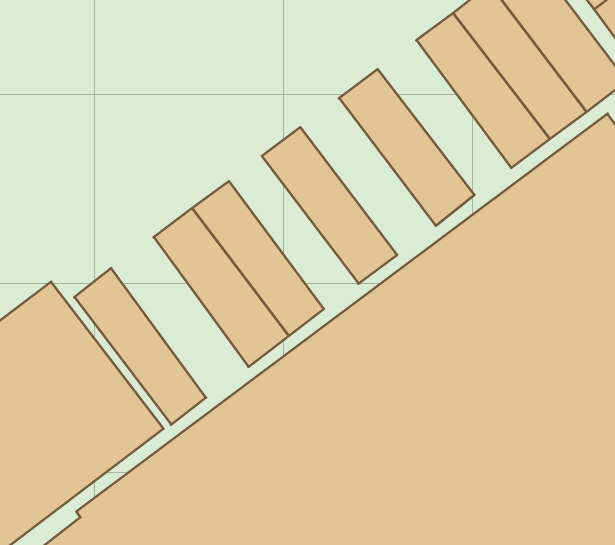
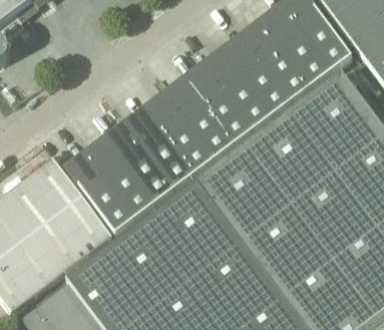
building: none -> [223,34,292,114]
building: none -> [182,64,253,145]
building: none -> [145,94,213,174]
building: none -> [84,136,155,220]

